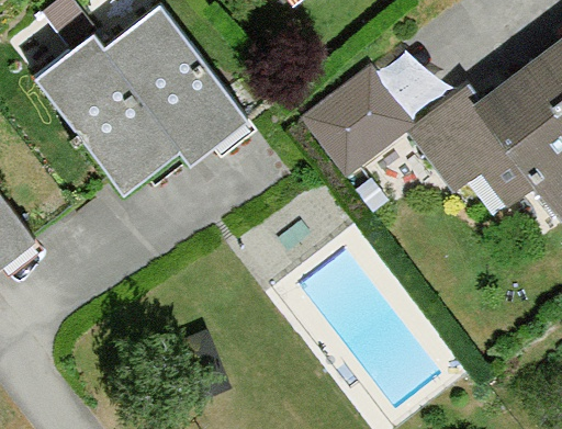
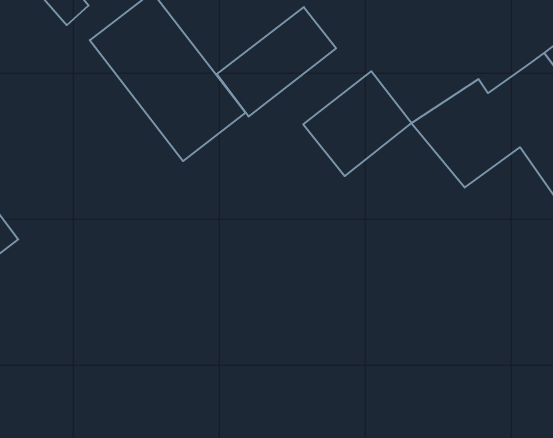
building: none -> [217,7,336,117]
building: [37,41,179,195] -> none

